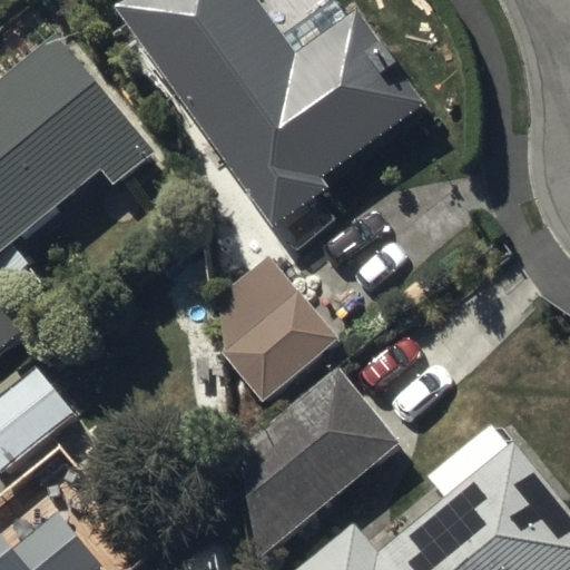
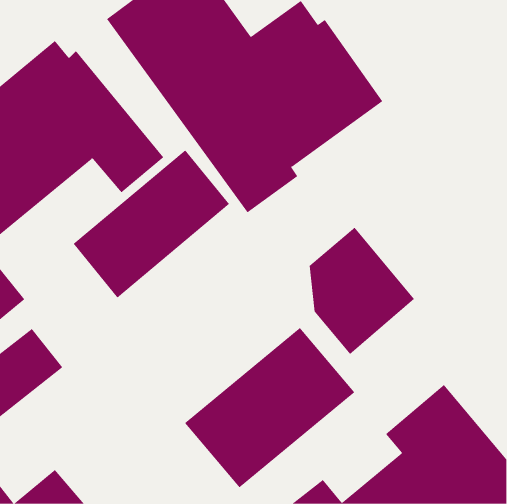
building: none -> [73,150,230,298]
building: [222,265,340,407] -> [309,227,415,355]

